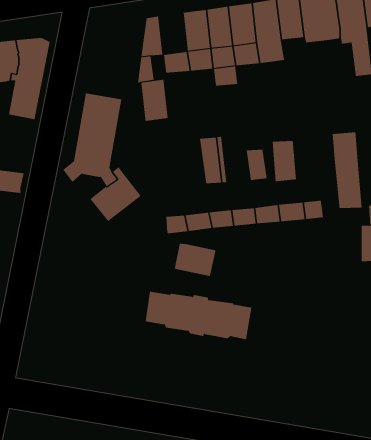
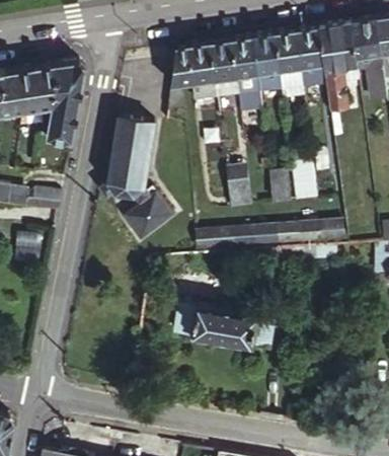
building: none -> [324,67,359,112]
building: [140,79,169,121] -> [187,43,214,82]
building: [332,131,362,209] -> none
building: [174,243,216,277] -> none

